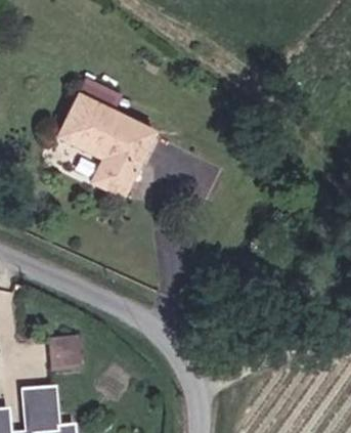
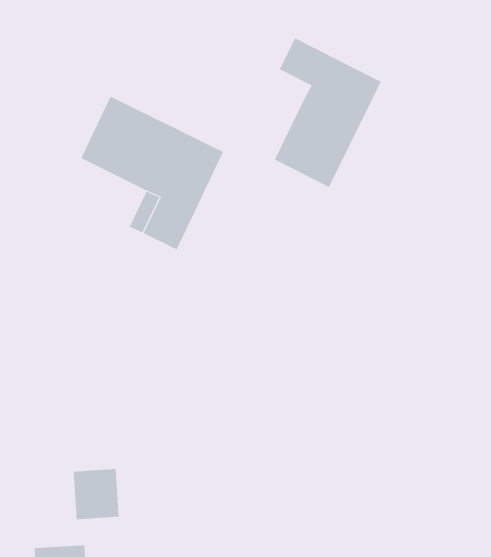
building: none -> [274,37,381,188]

